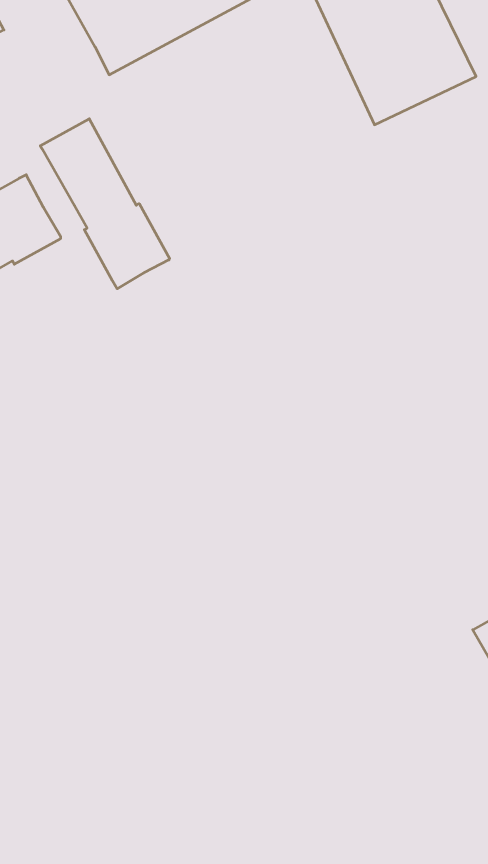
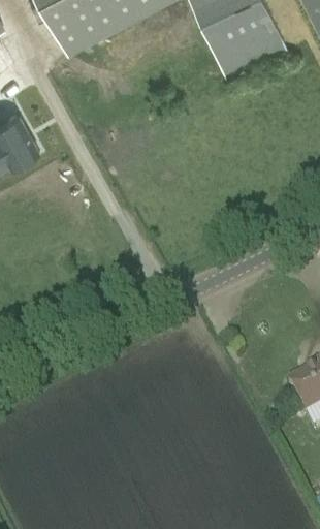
building: [40,119,170,289] -> none

